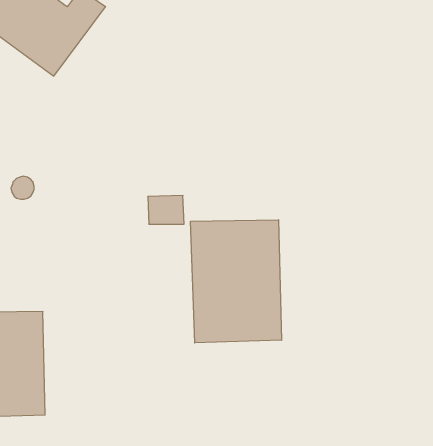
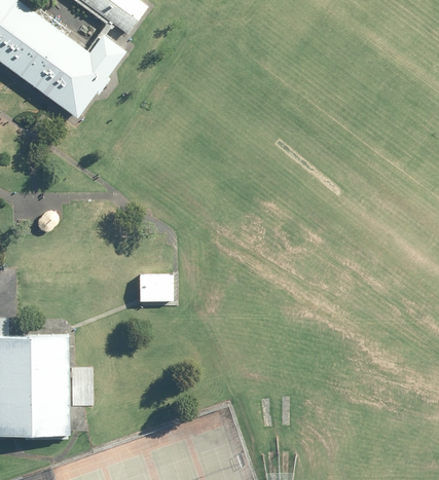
building: [148,195,184,224] -> [139,274,173,301]
building: [191,220,282,343] -> none

